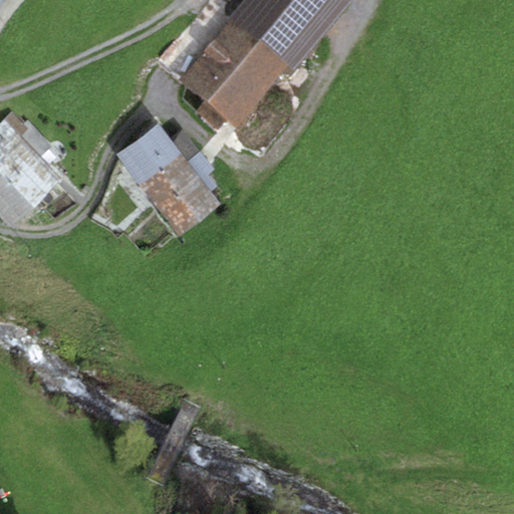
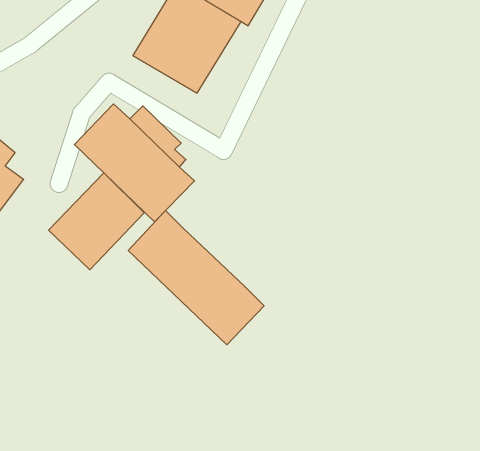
building: none -> [49,173,144,270]
building: none -> [128,211,264,345]

